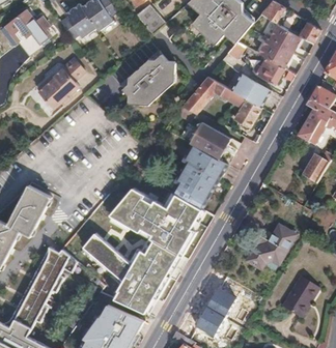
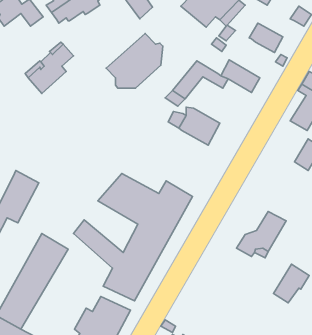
building: [269,22,303,52] -> none
building: [252,57,284,84] -> none
building: [232,93,260,127] -> none
building: [172,144,228,209] -> none
building: [195,291,233,337] -> none

